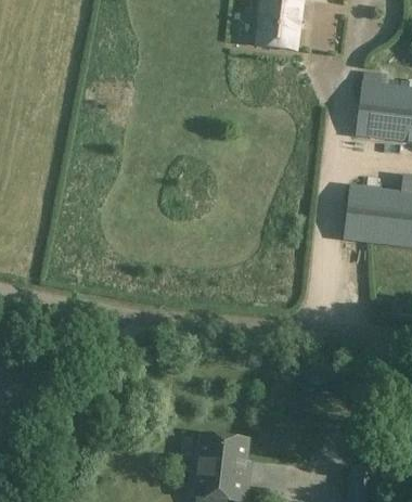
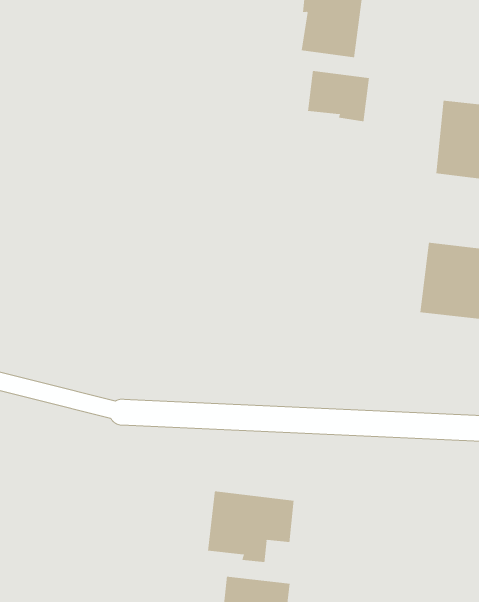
building: none -> [307,70,370,122]
building: none -> [208,491,294,563]

